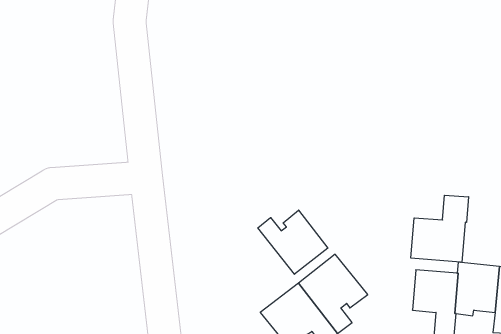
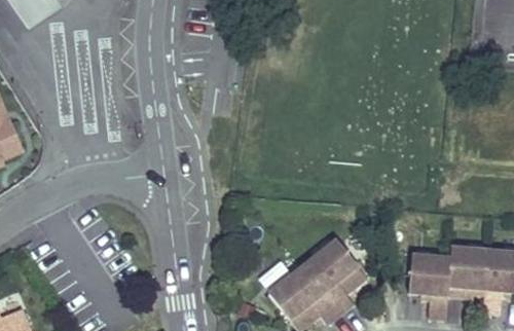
building: [411,195,469,262] -> none
building: [258,210,328,274] -> none

